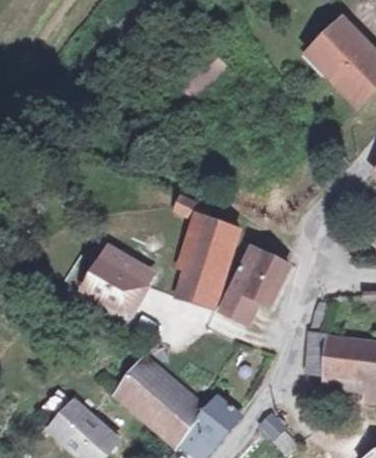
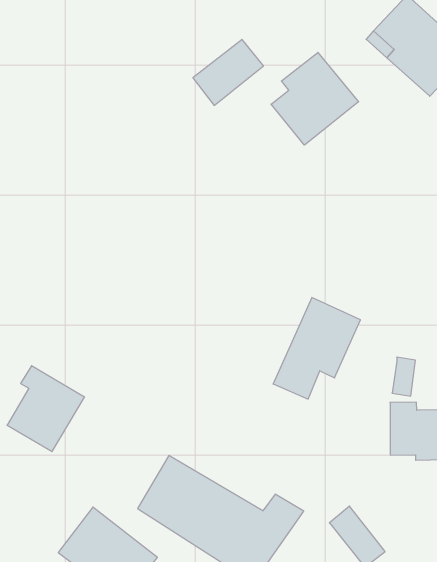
building: none -> [271,52,359,145]
building: [172,197,244,311] -> none
building: [90,245,151,312] -> [7,366,85,452]

